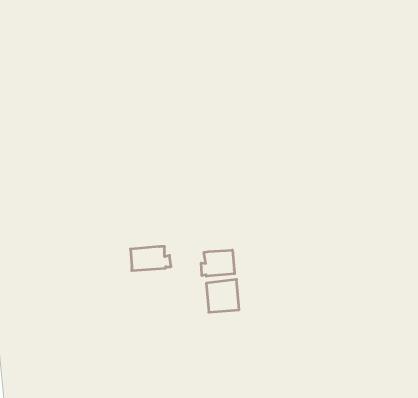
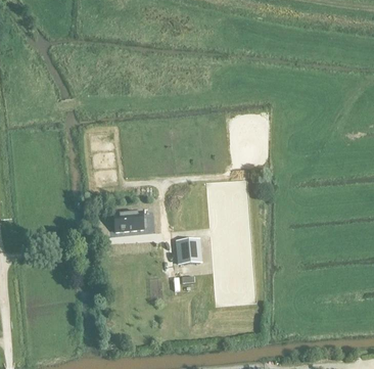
building: [201,250,235,276] -> none

